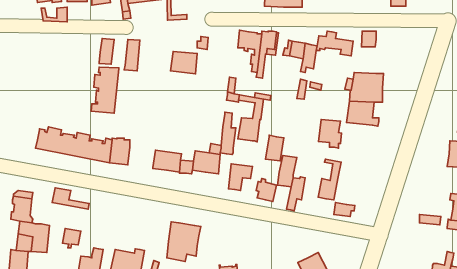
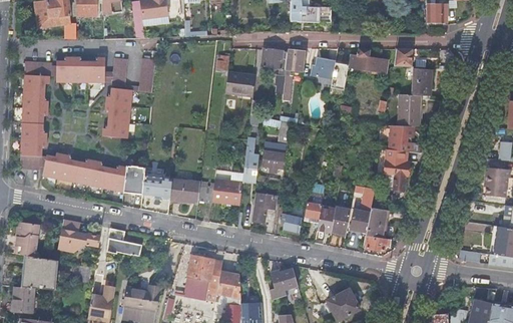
building: none -> [56,56,105,82]
building: none -> [19,60,52,170]
building: none -> [412,65,432,95]
building: [171,52,197,74] -> [225,71,254,95]
building: [318,119,341,148] -> [384,148,409,180]
building: [265,135,284,161] -> [331,206,351,234]
building: none -> [142,175,172,197]
building: none -> [366,207,386,237]
building: none -> [104,228,141,256]
building: none -> [58,235,99,252]
building: none -> [270,268,298,299]
building: none -> [215,271,241,298]

